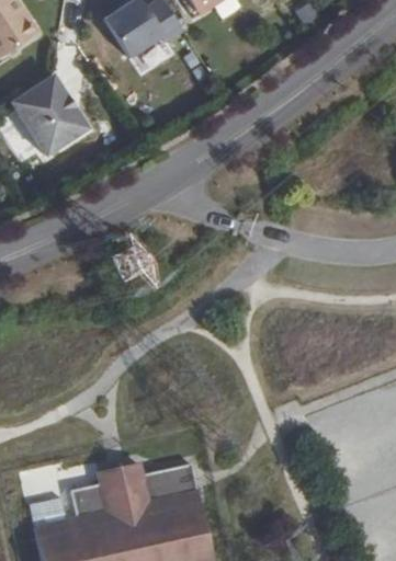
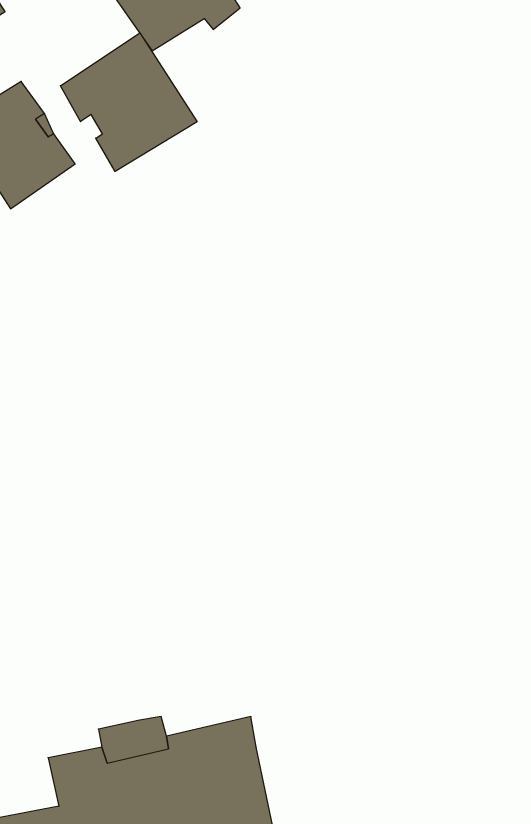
building: none -> [60,33,197,171]

